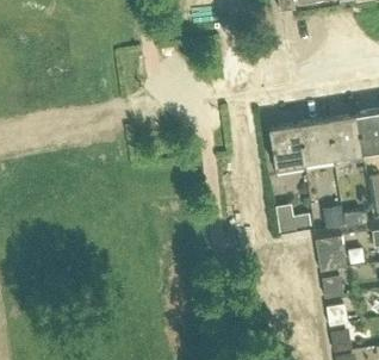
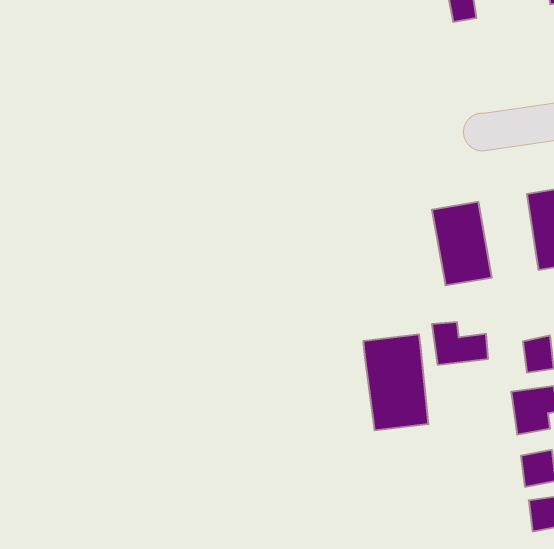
building: [297,120,333,172] -> none
building: none -> [363,334,428,430]

